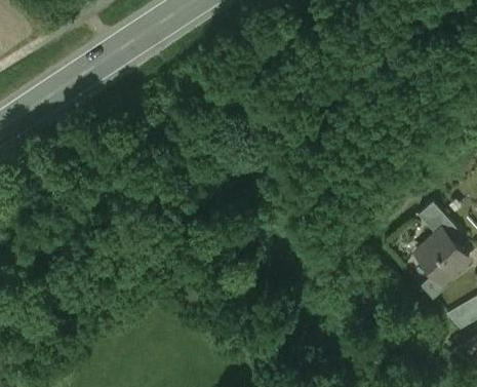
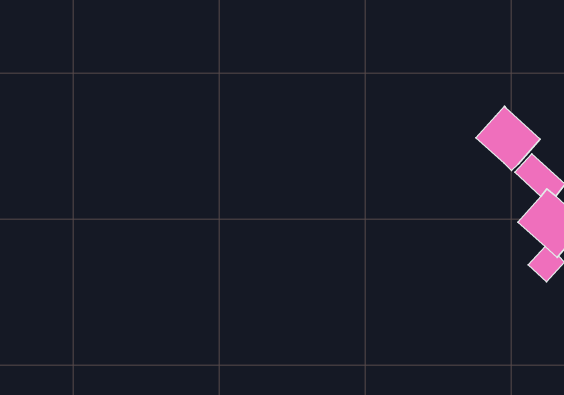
building: none -> [476,106,540,171]

